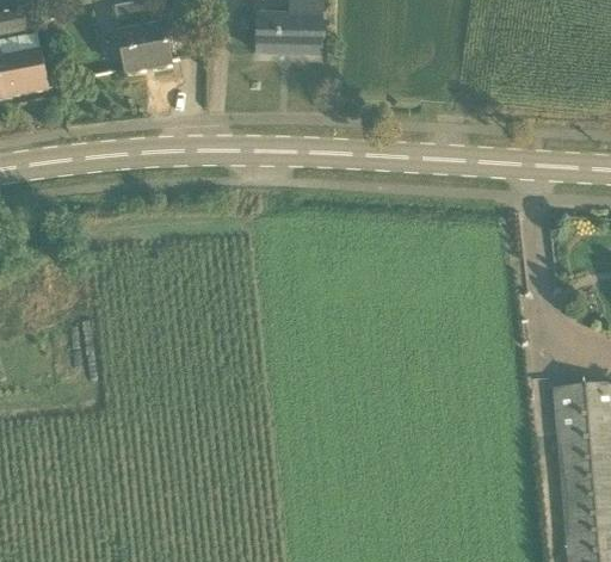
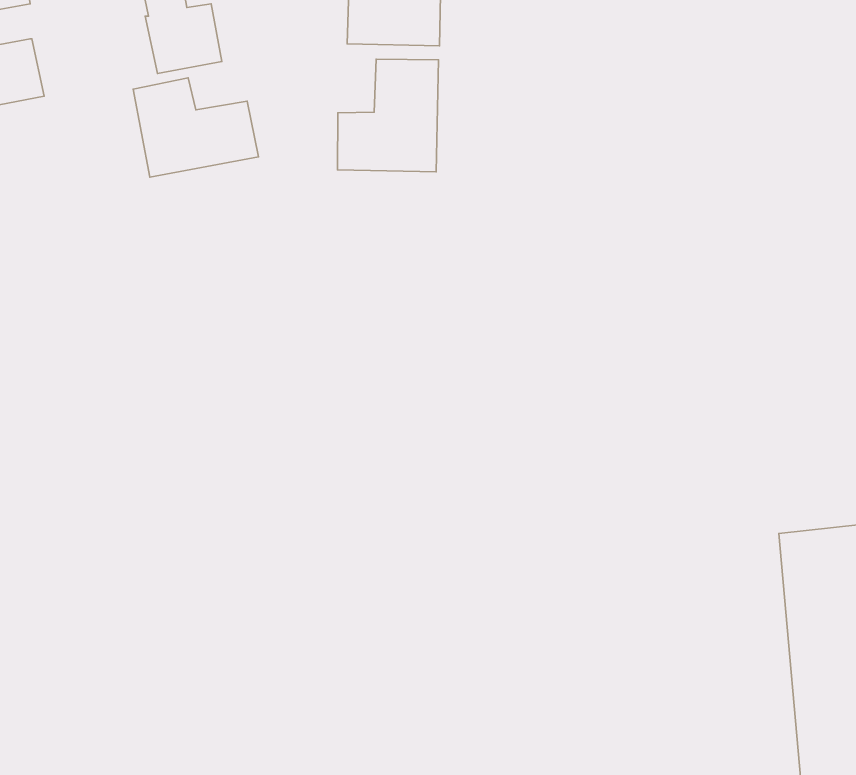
building: none -> [337,59,439,172]
building: none -> [133,78,258,177]

